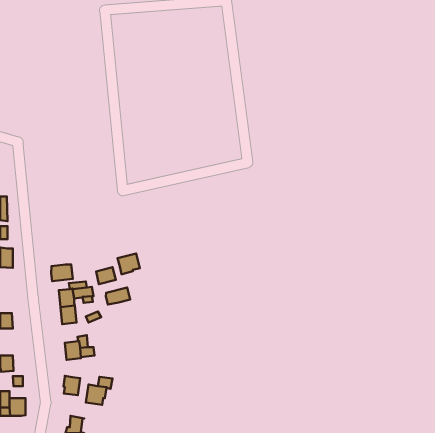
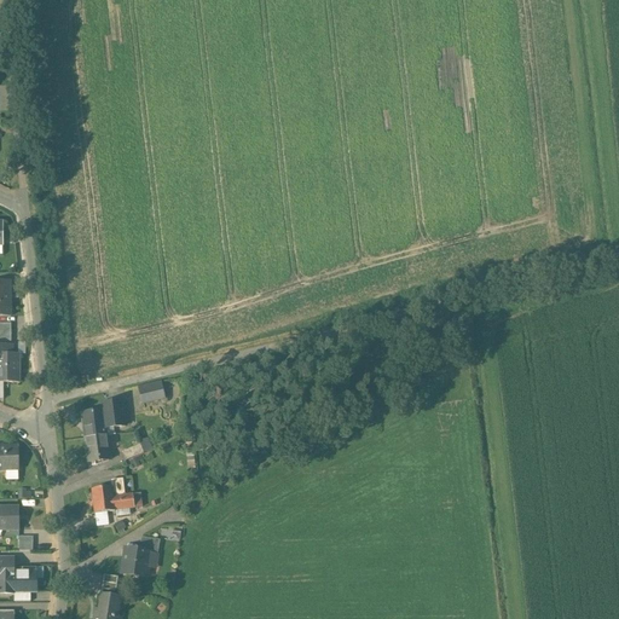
building: [117,254,140,274] -> none
building: [51,265,73,281] -> none
building: [106,287,130,304] -> none
building: [63,376,80,395] -> none

